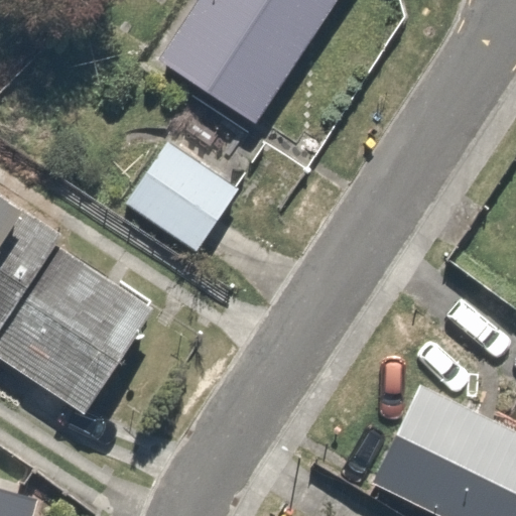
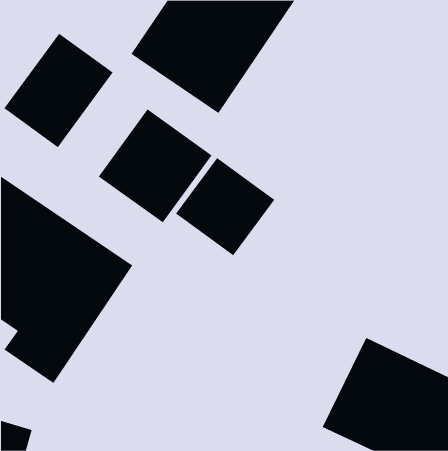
building: none -> [4,33,114,148]
building: none -> [175,157,275,256]

